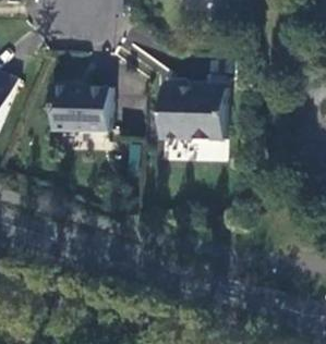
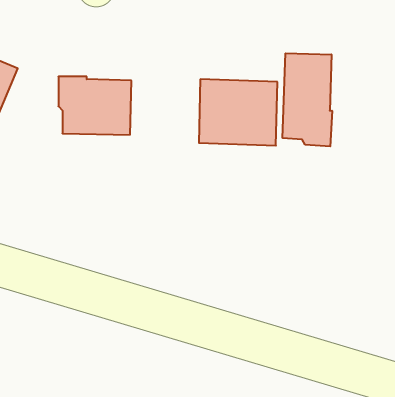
building: none -> [283,53,332,146]

